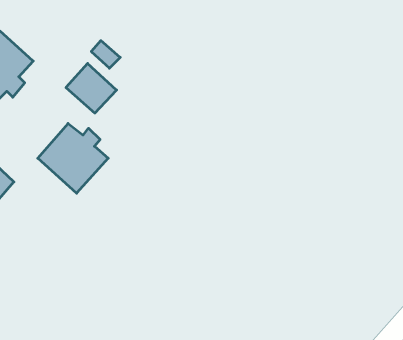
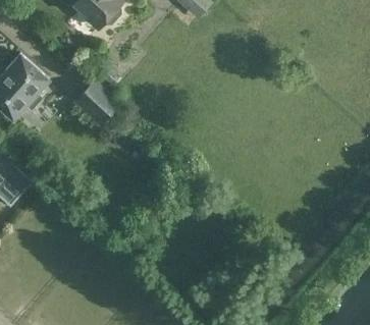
building: [38,123,108,193] -> none

